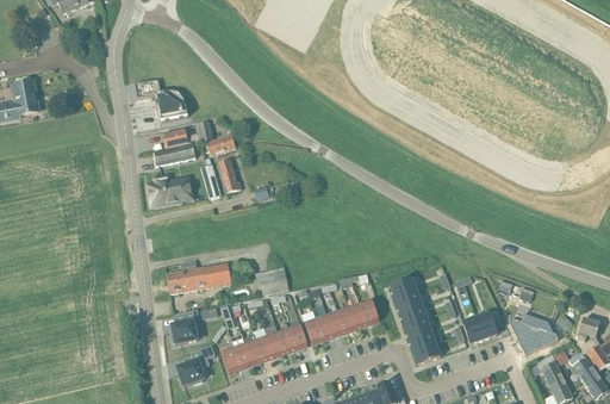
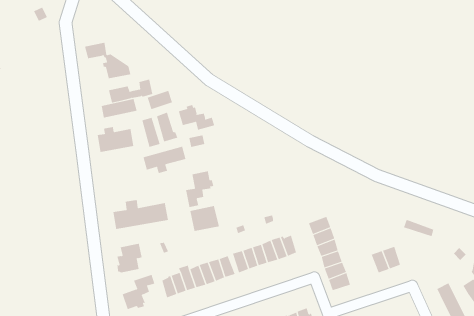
building: none -> [178,104,215,131]
building: none -> [143,146,186,174]
building: none -> [186,170,214,208]
building: [509,312,559,355] -> none

